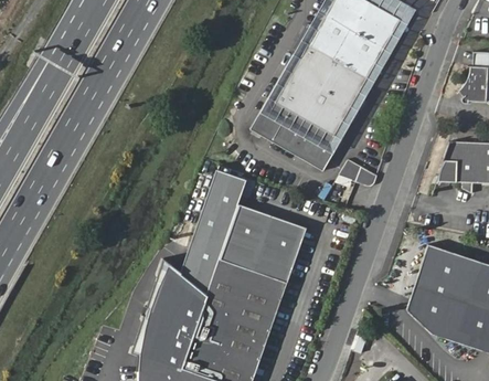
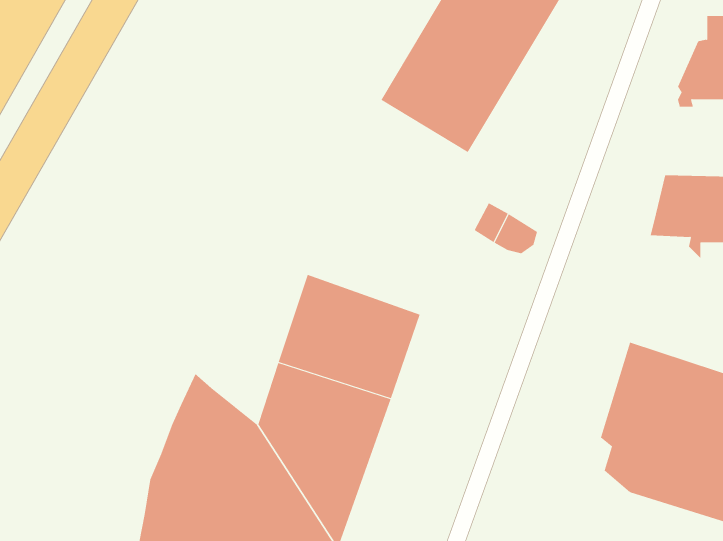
building: [253,94,342,170] -> none
building: [180,168,247,294] -> none

